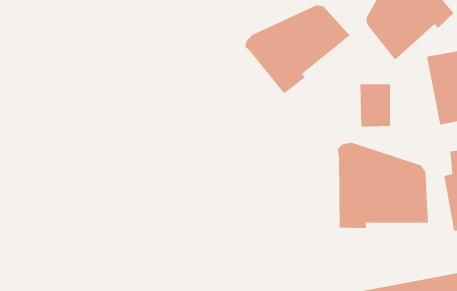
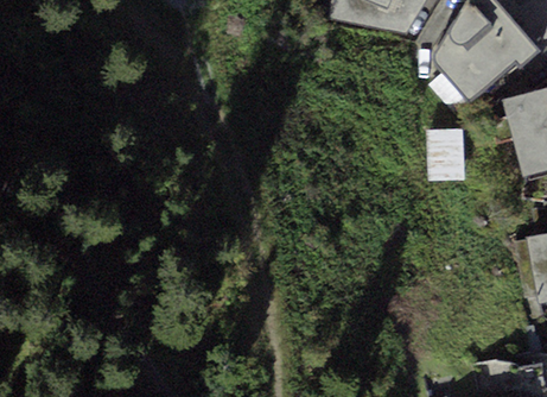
building: [245,4,351,94] -> none
building: [337,142,428,229] -> none

